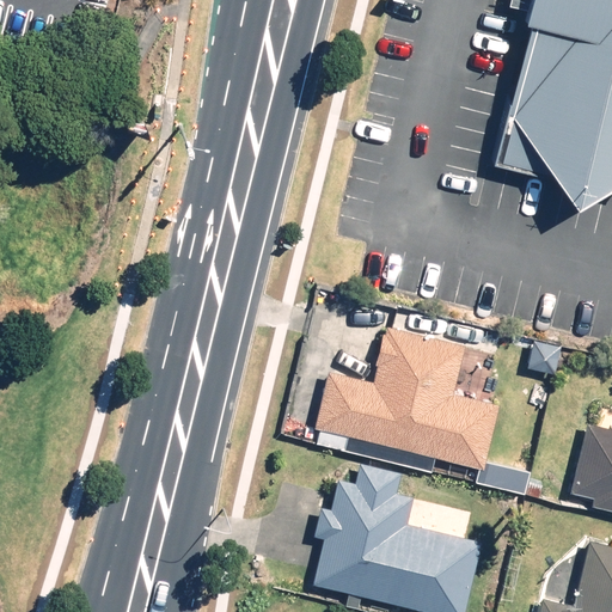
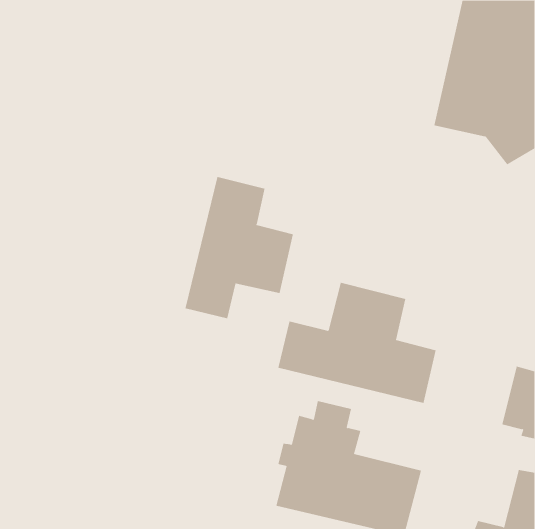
building: none -> [185,176,294,319]

